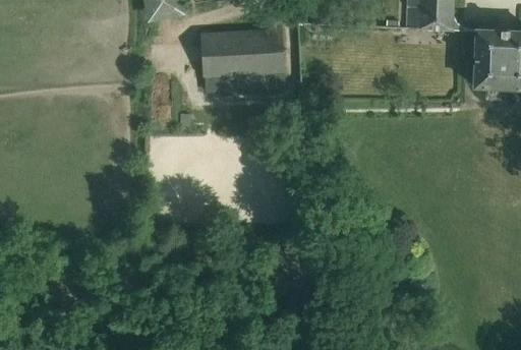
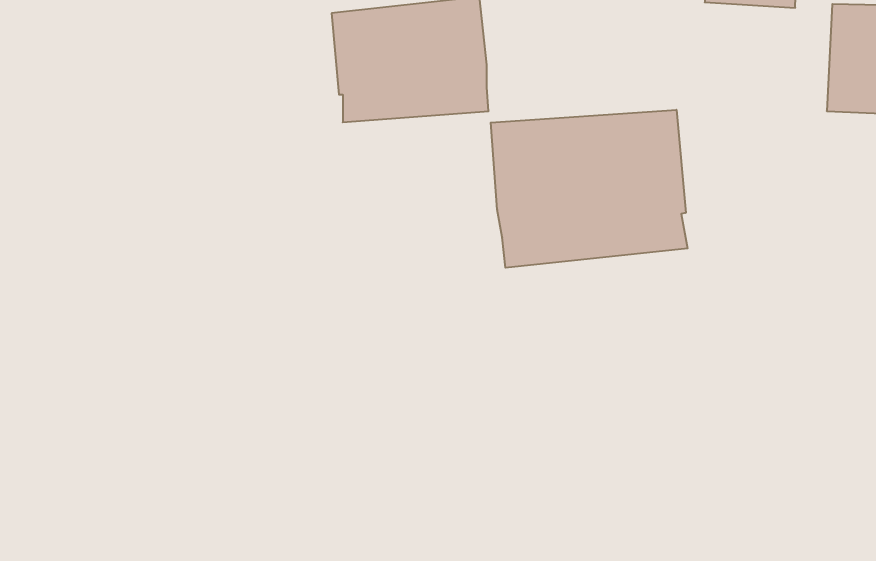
building: none -> [491,110,688,268]

